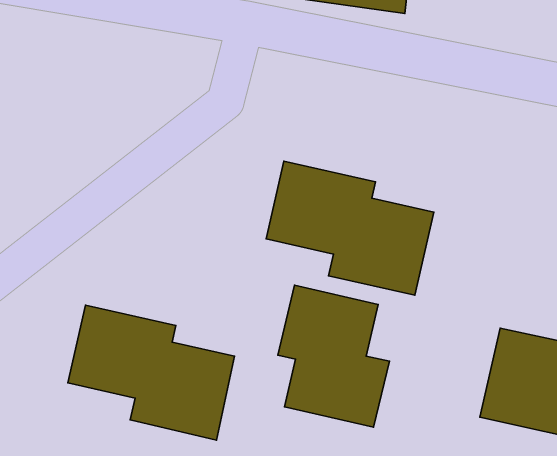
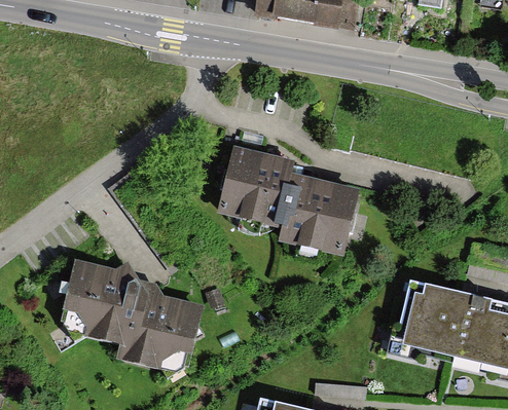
building: [278,285,390,427] -> none

